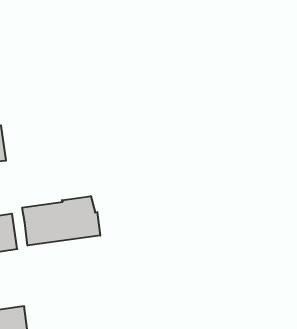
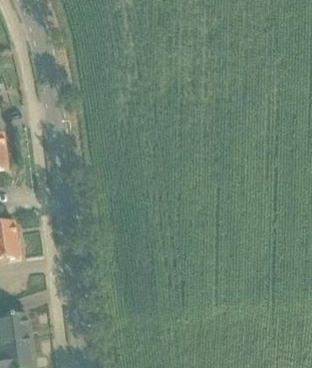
building: [22,196,100,246] -> none

